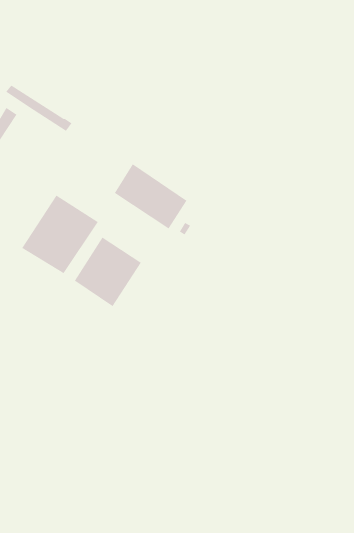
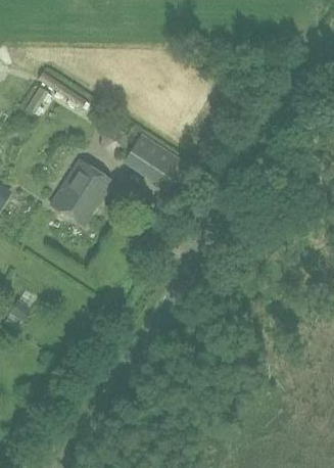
building: [74,236,142,307] -> none

